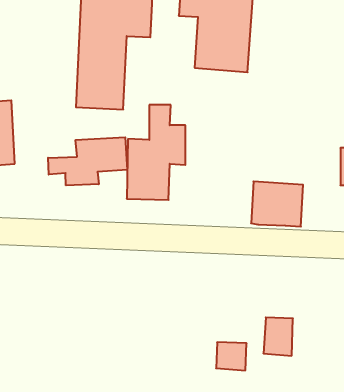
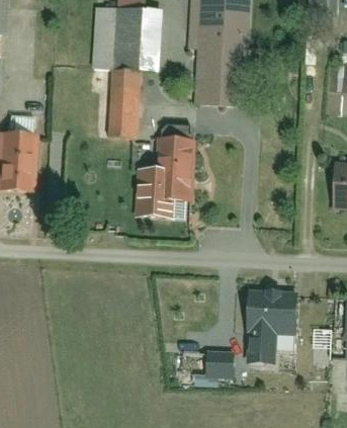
building: [48,137,127,185] -> none
building: [251,181,303,227] -> [253,287,299,328]

